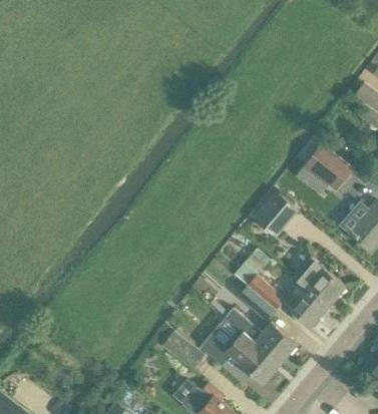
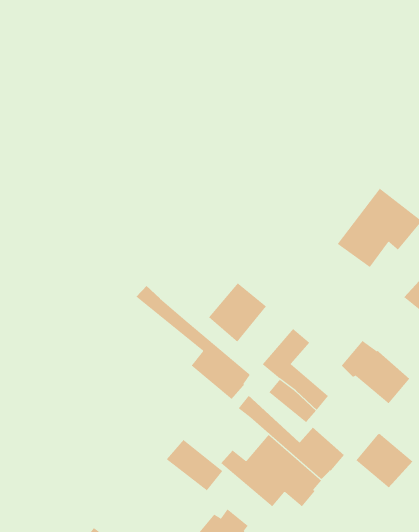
building: [254,192,298,238] -> [208,282,267,343]
building: none -> [136,285,252,400]
building: [286,285,329,326] -> [356,433,413,488]

